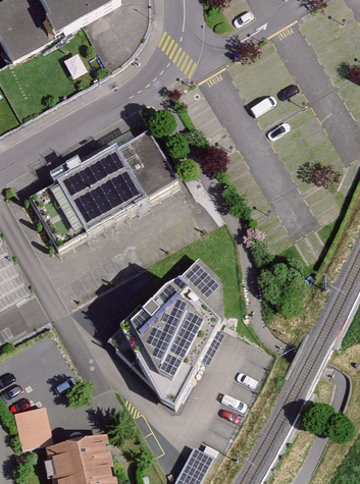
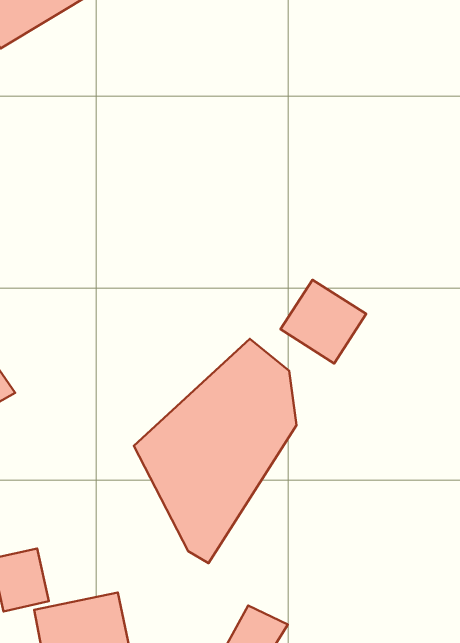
building: [29,129,176,250] -> none
building: none -> [281,280,366,363]

